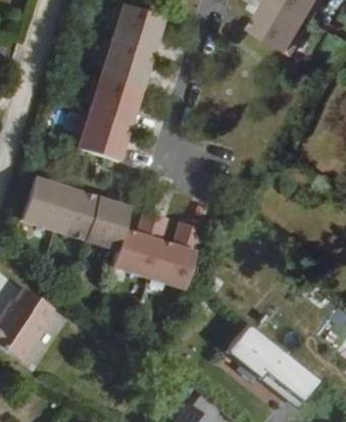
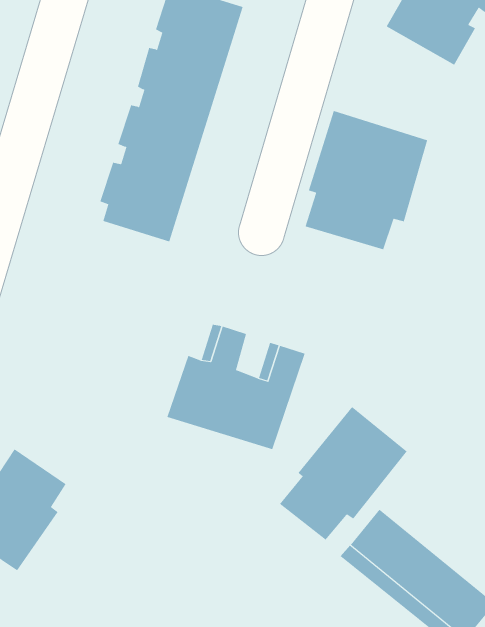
building: none -> [305,110,428,250]
building: [20,176,132,268] -> none
building: none -> [279,406,407,541]

